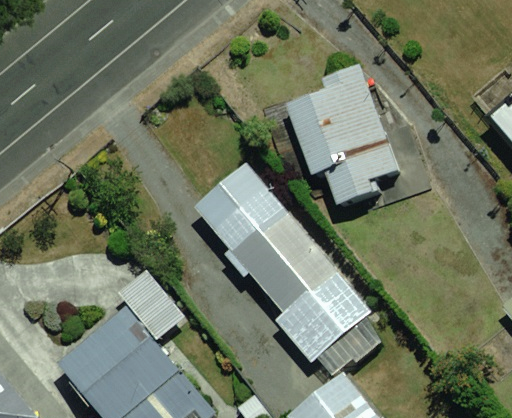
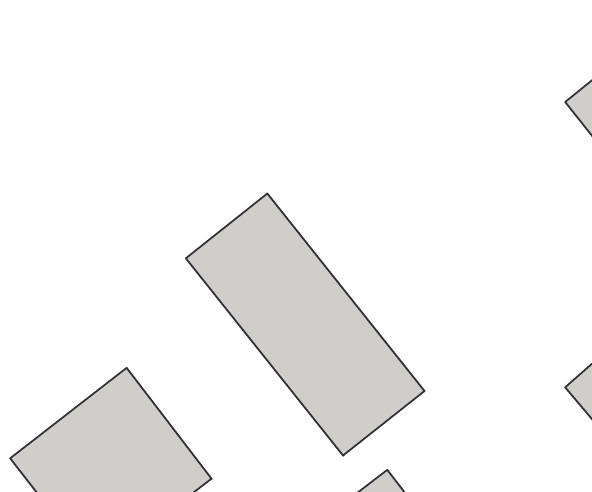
building: [278,62,401,198] -> none

